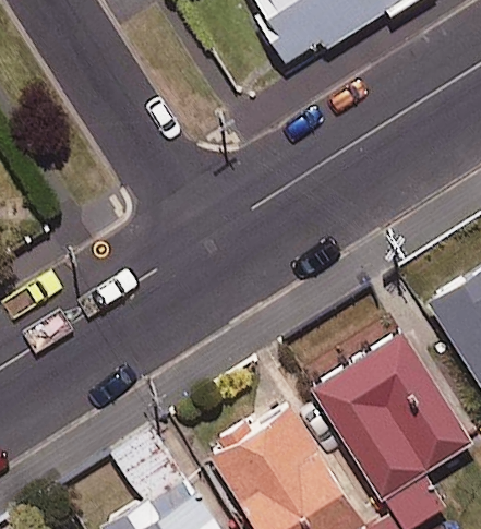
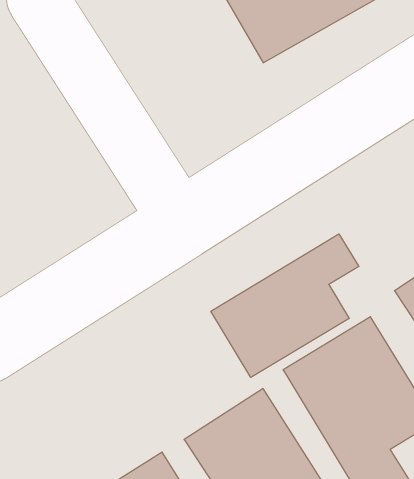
building: none -> [211,234,359,377]

